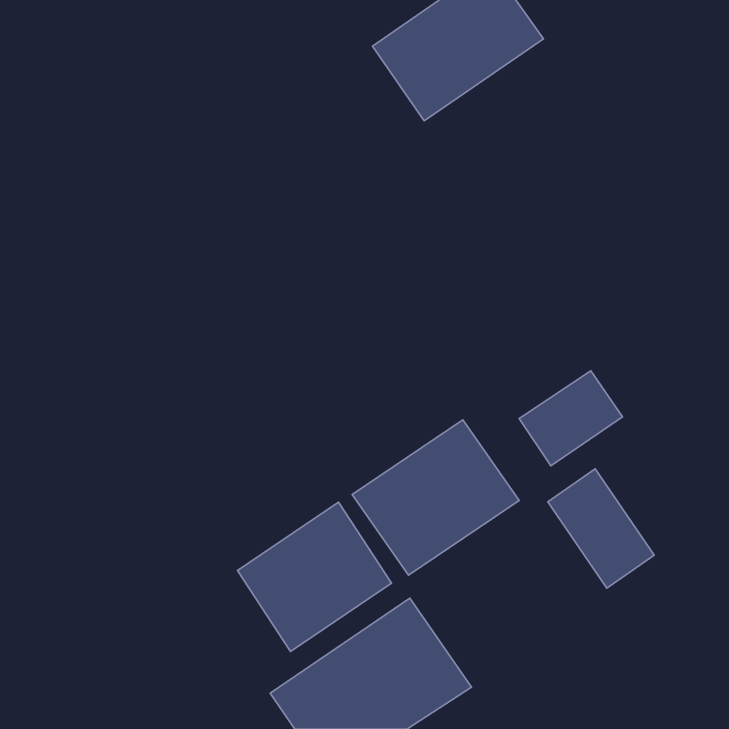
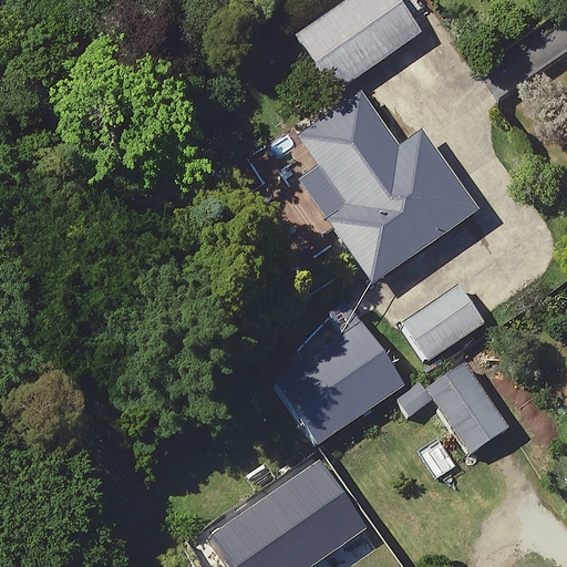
building: none -> [292,90,476,282]
building: [237,502,392,651] -> none

